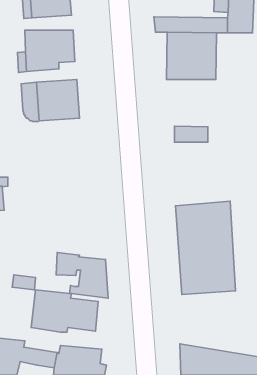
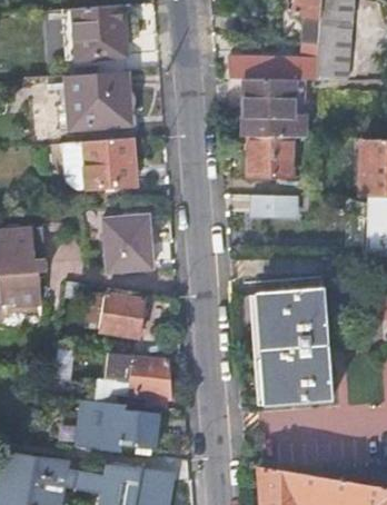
building: none -> [248,137,294,175]
building: none -> [105,217,152,270]
building: none -> [95,291,146,355]

